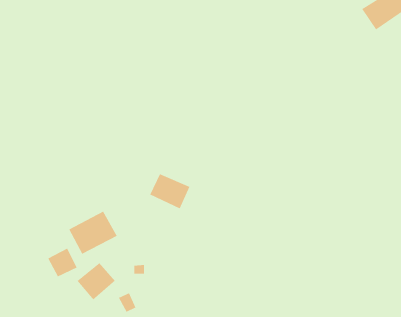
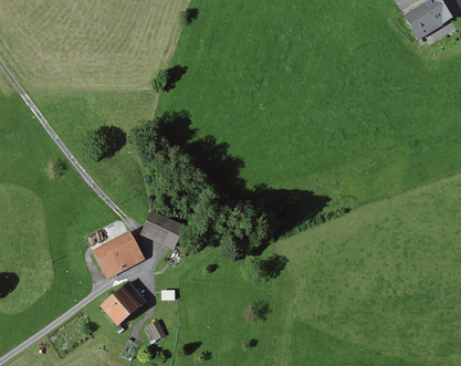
building: [149,173,191,209] -> [139,210,184,249]
building: [47,247,78,278] -> none

